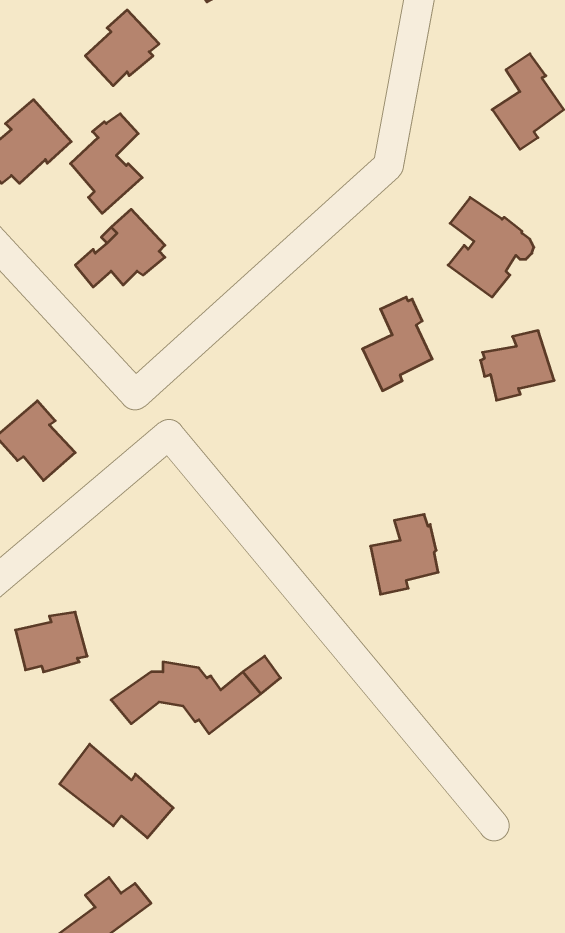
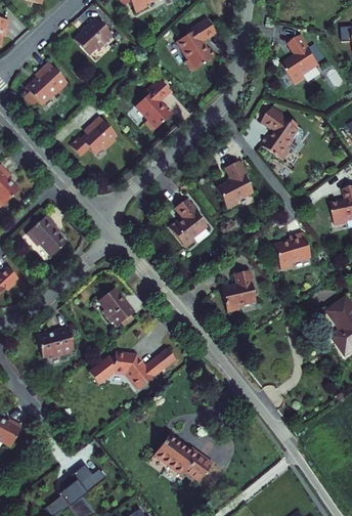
building: none -> [175,17,215,72]
building: [70,114,142,213] -> [134,81,171,132]
building: [480,331,554,400] -> [271,234,309,270]
building: none -> [169,200,206,250]
building: none -> [95,287,132,325]
building: [60,744,173,838] -> [151,434,210,482]

